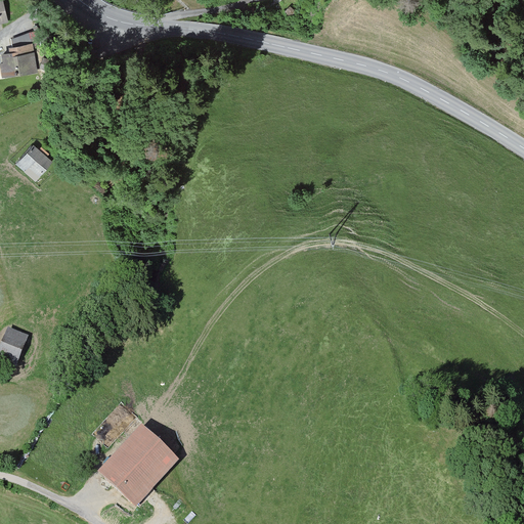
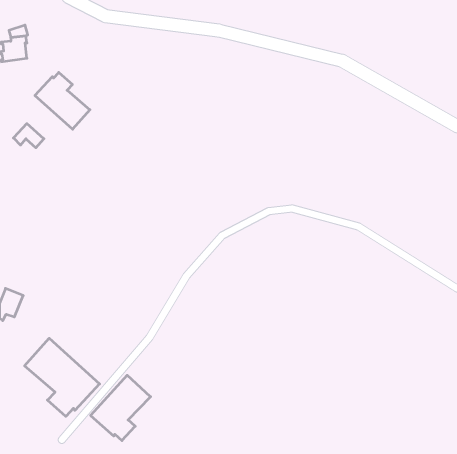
building: none -> [35,72,90,129]
building: none -> [25,338,100,416]

